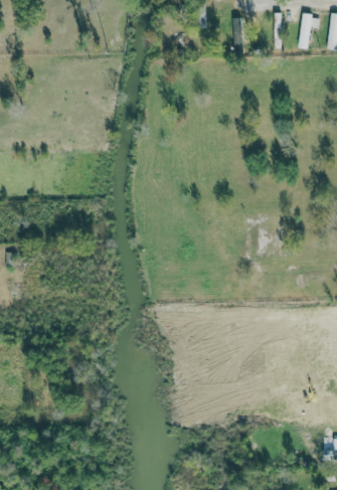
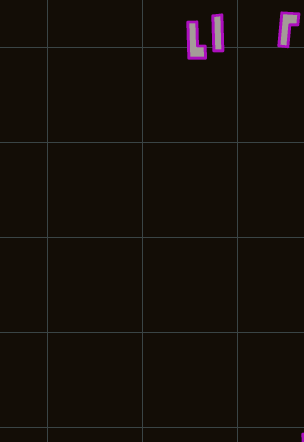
building: none -> [188,22,206,58]

